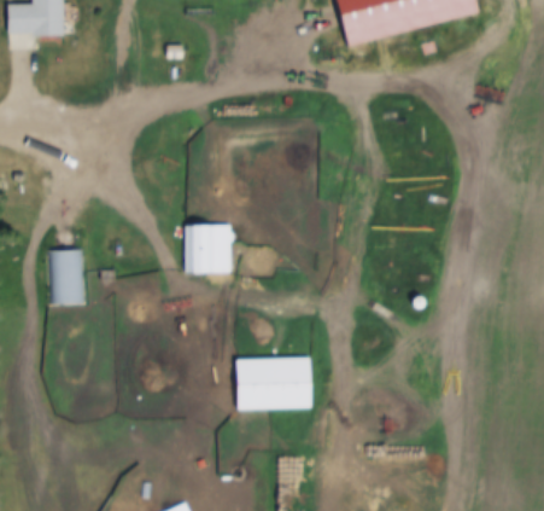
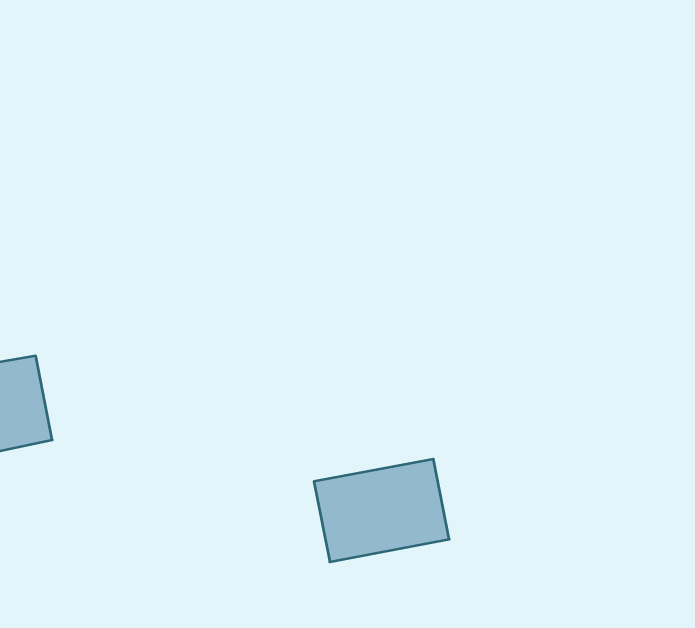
building: [186,225,229,273] -> none

